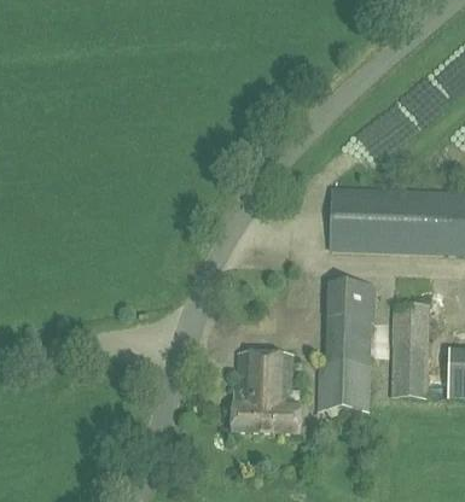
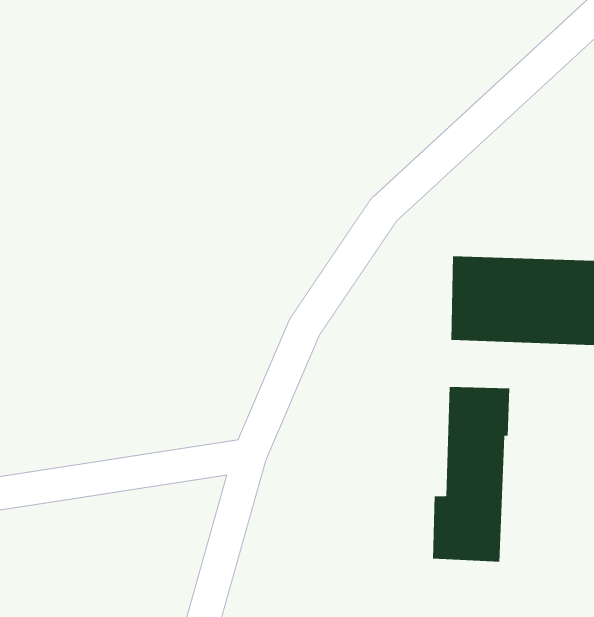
building: [391,302,430,398] -> none
building: [232,354,298,433] -> none

